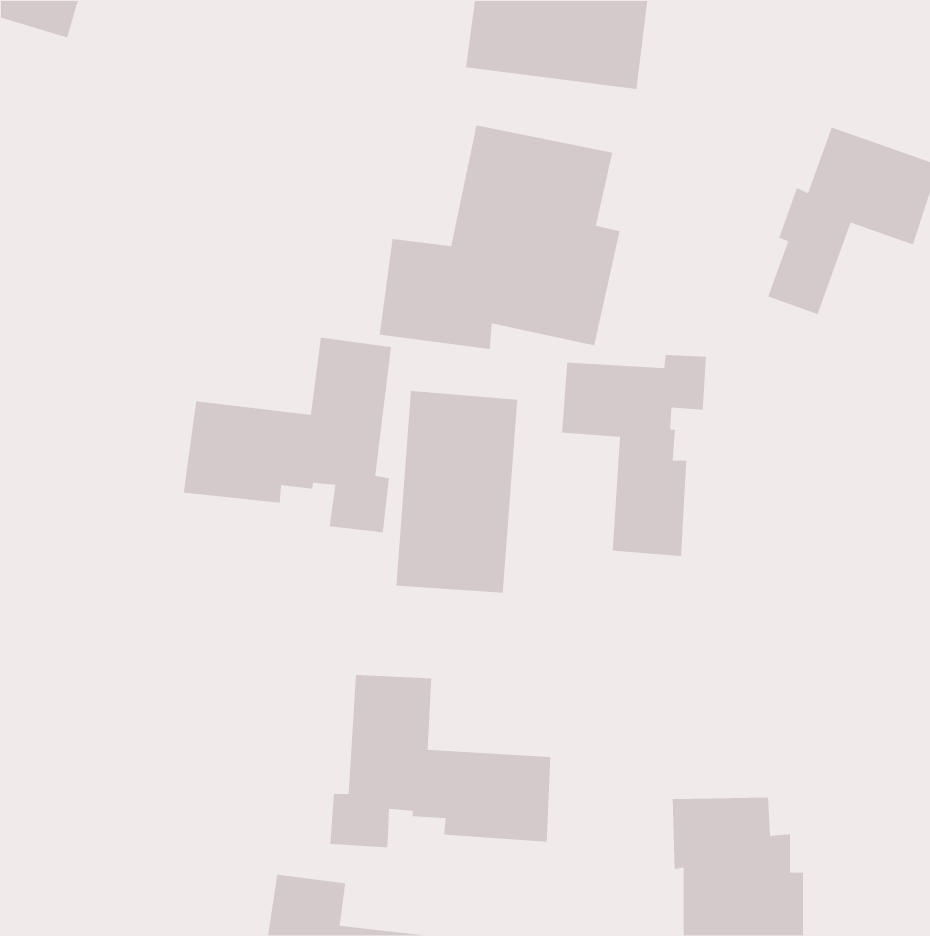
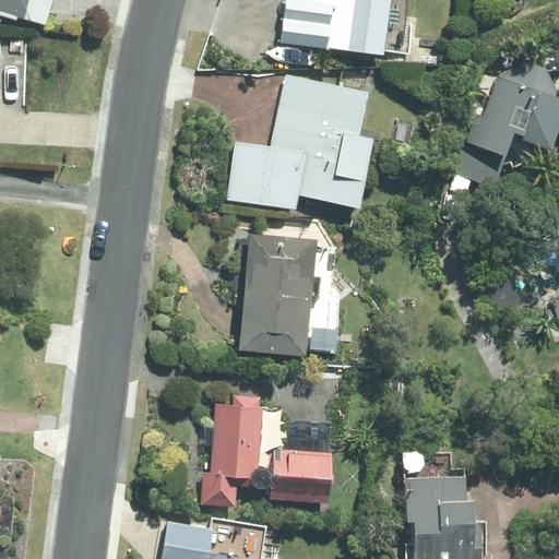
building: [183,337,392,533] -> none
building: [561,354,707,557] -> none

